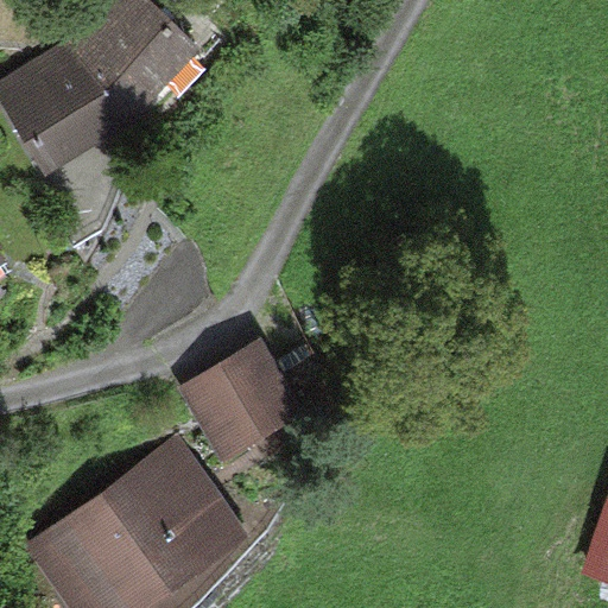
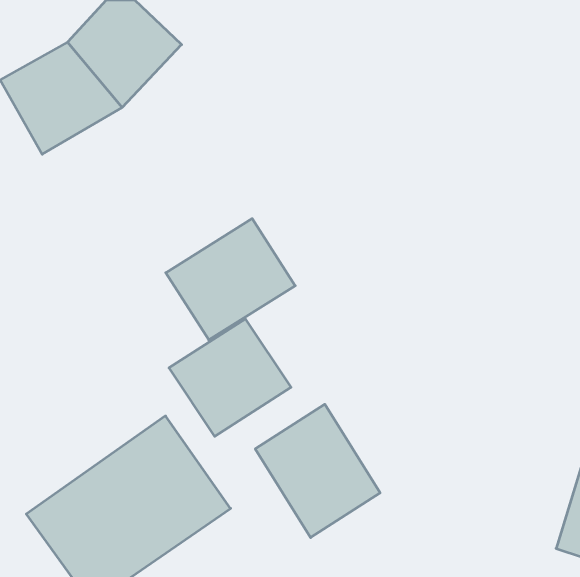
building: none -> [166,219,295,340]
building: none -> [255,404,380,538]

